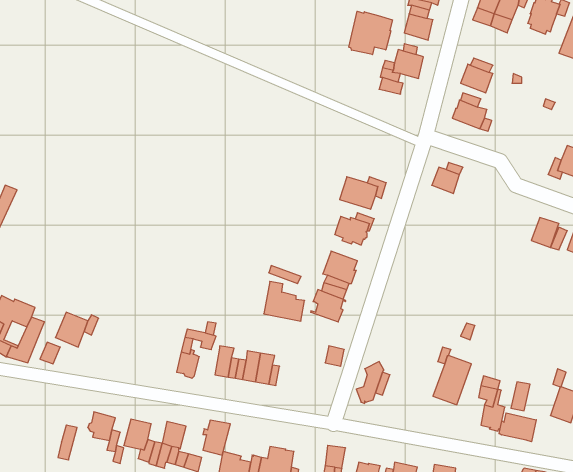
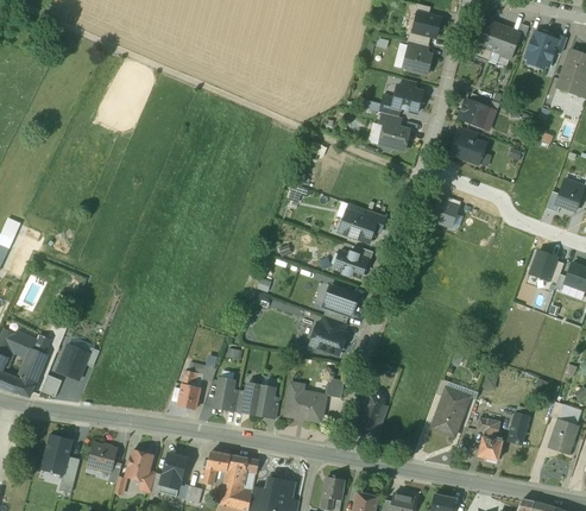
building: [349,11,393,55] -> none
building: none -> [379,125,409,151]
building: [264,281,305,321] -> [284,383,324,422]
building: none -> [39,434,71,473]
building: [499,413,536,442] -> none
building: none -> [223,455,258,487]

